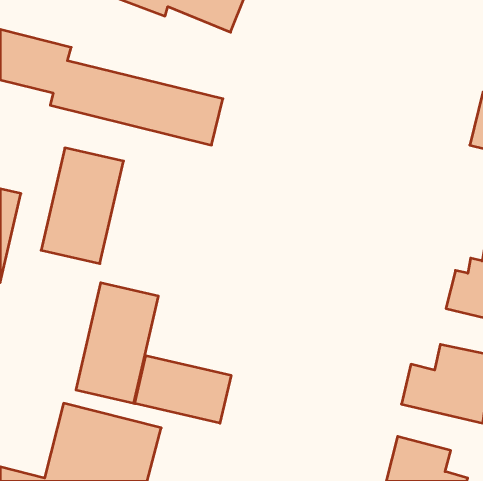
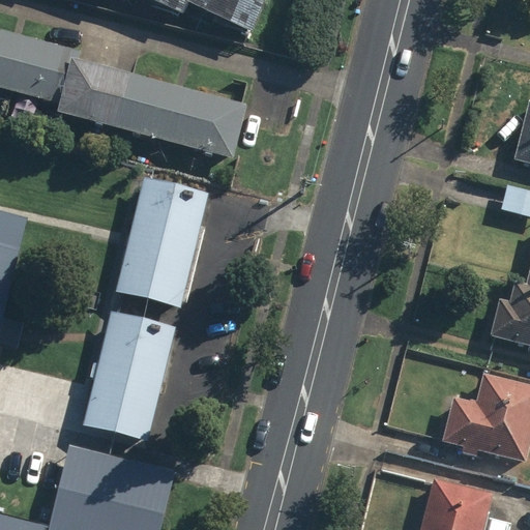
building: [41,148,124,264] -> [117,179,207,305]
building: [135,356,231,423] -> none

